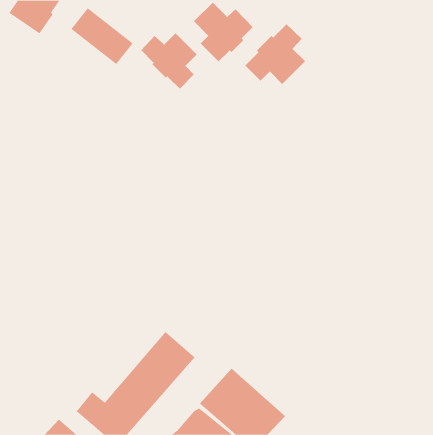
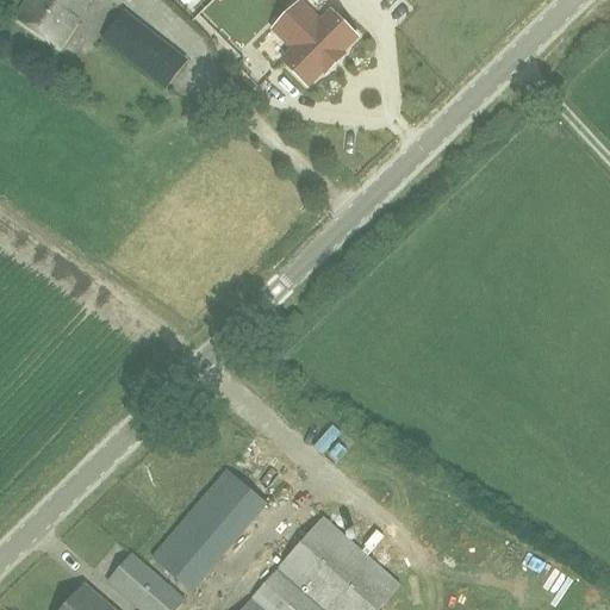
building: [245,23,306,85] -> none
building: [141,32,198,89] -> none

